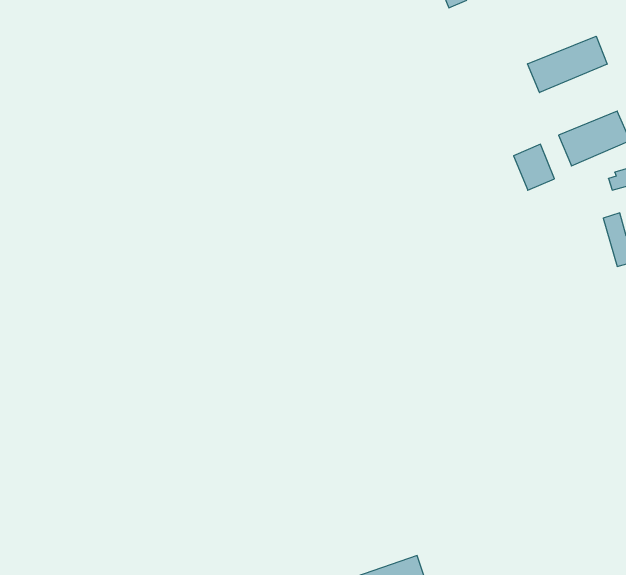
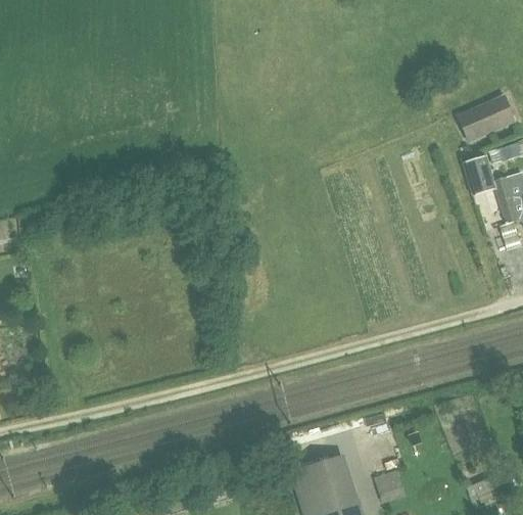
building: [528,36,607,93] -> none
building: [514,144,554,190] -> [463,160,495,197]

